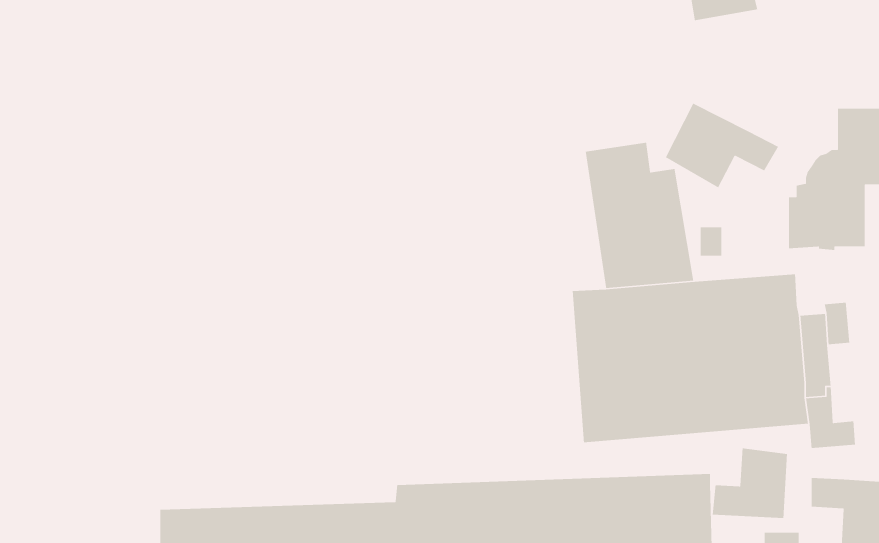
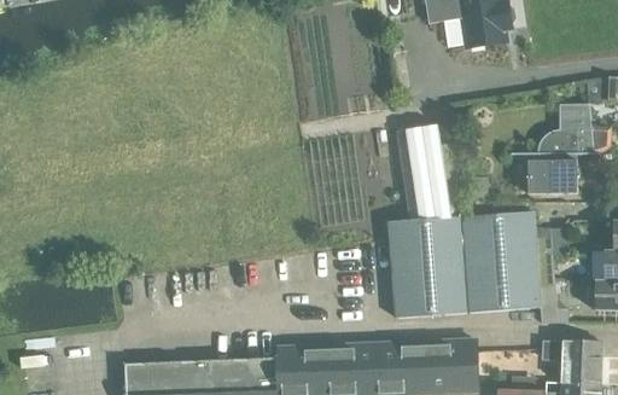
building: [665,102,779,189] -> none
building: [712,447,788,519] -> none

